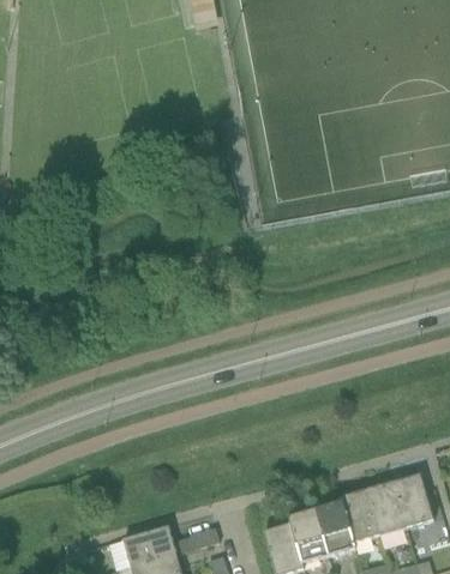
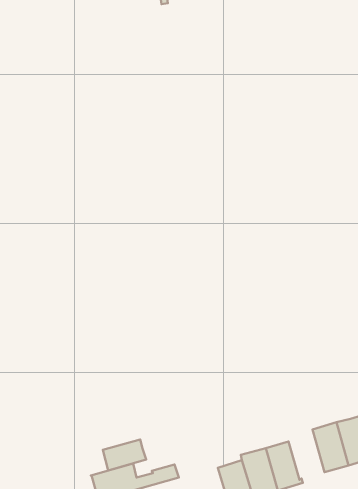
building: [338,489,379,544] -> none
building: none -> [103,439,146,470]

